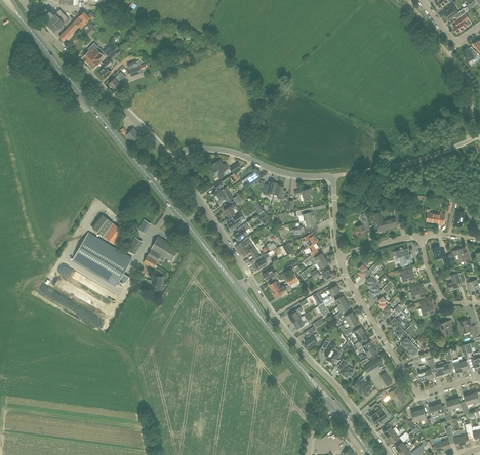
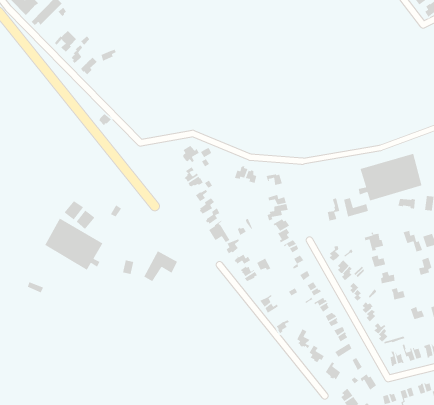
building: none -> [358,153,422,201]
building: [143,236,177,267] -> [143,250,178,282]

